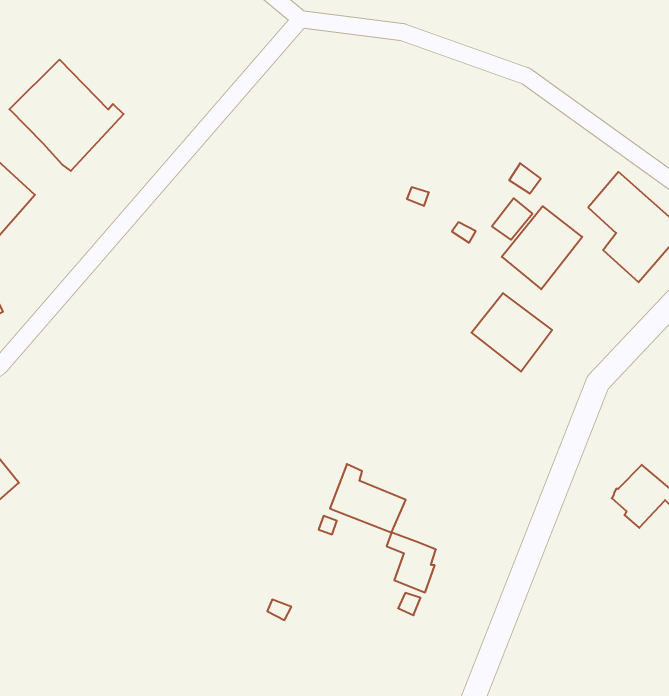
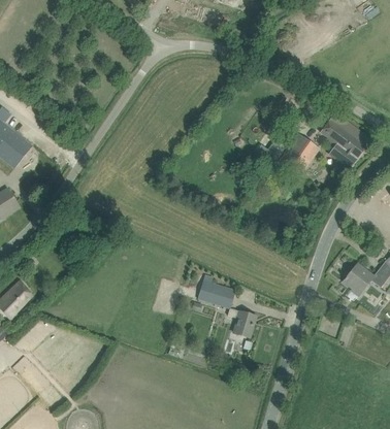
building: [9,60,124,171] -> none
building: [471,293,552,372] -> none

